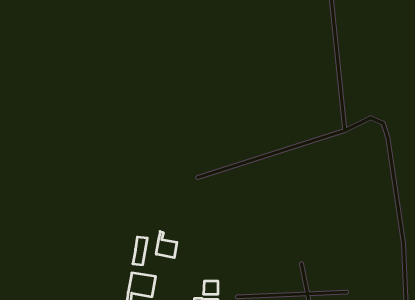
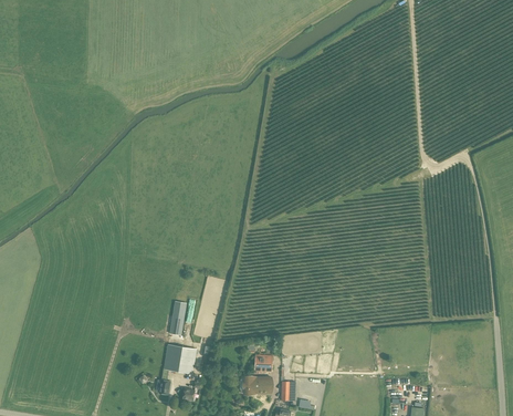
building: [156,231,177,258] -> none

